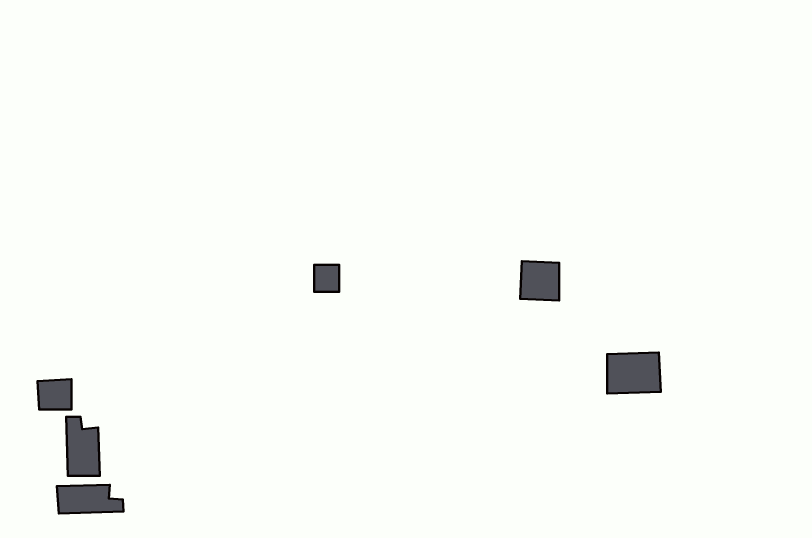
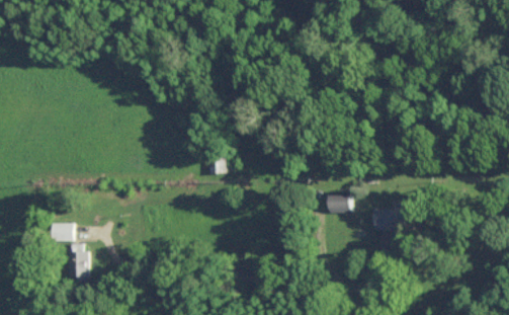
building: [520,261,559,300] -> [331,190,353,213]
building: [57,485,124,513] -> none

